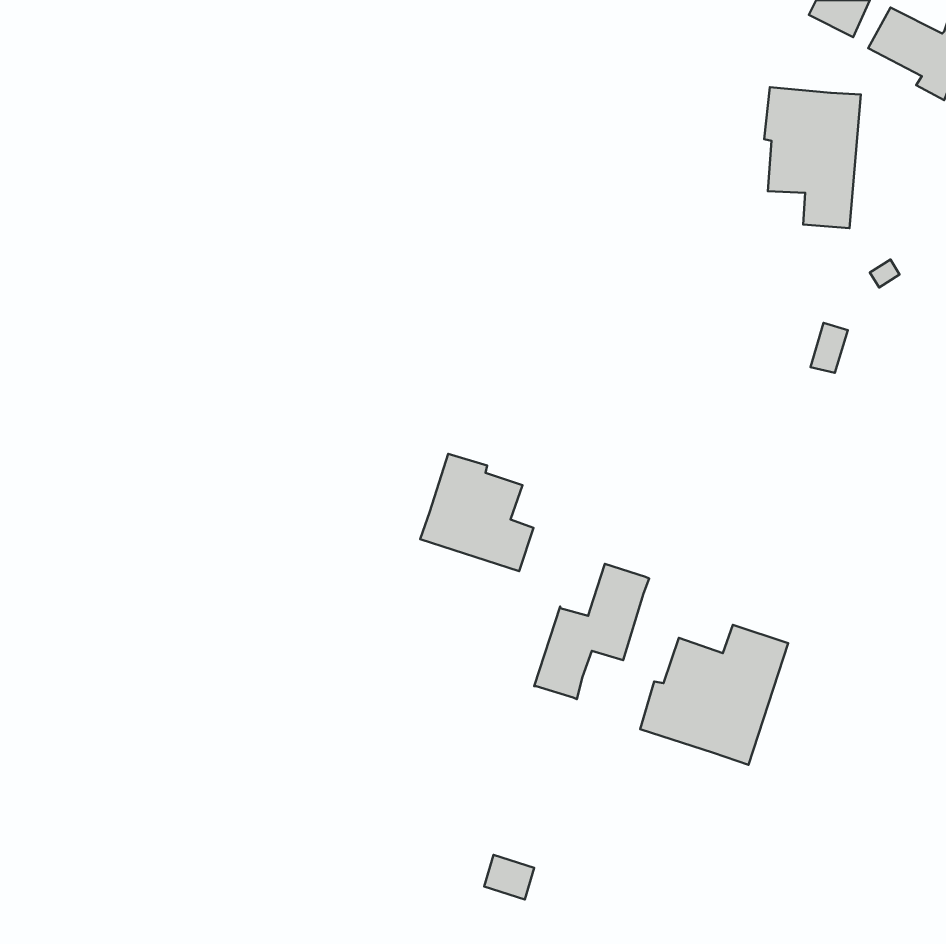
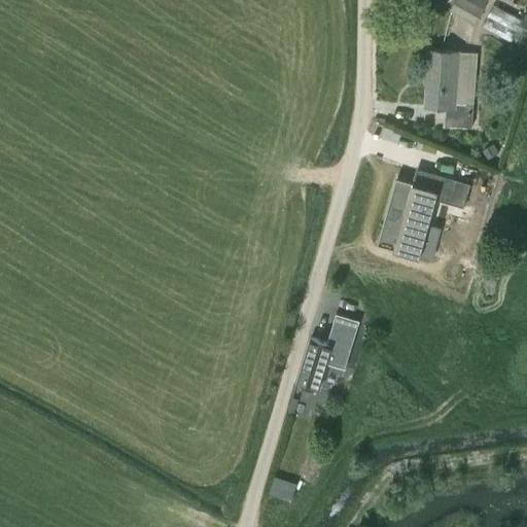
building: none -> [378,172,444,258]
building: [420,454,533,571] -> none
building: [640,625,788,765] -> none

